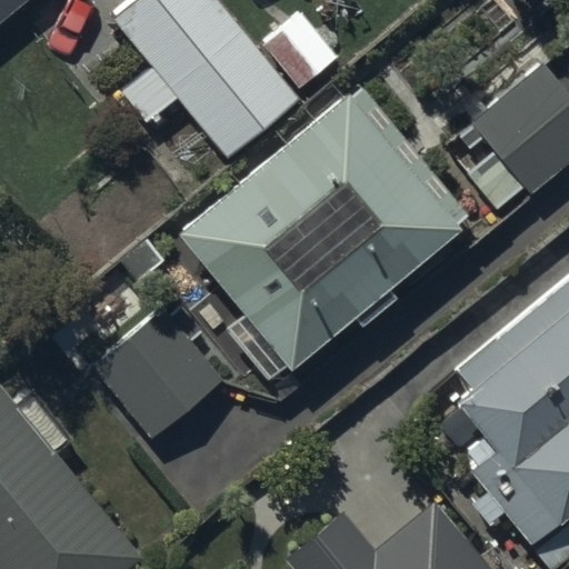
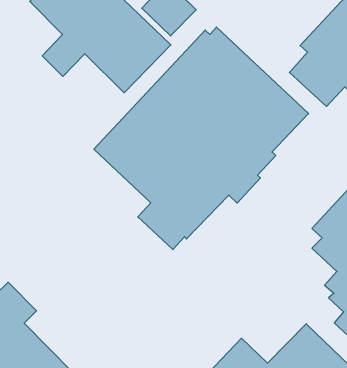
building: [78,302,221,440] -> none

